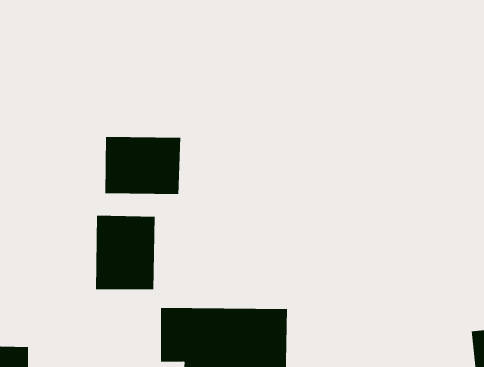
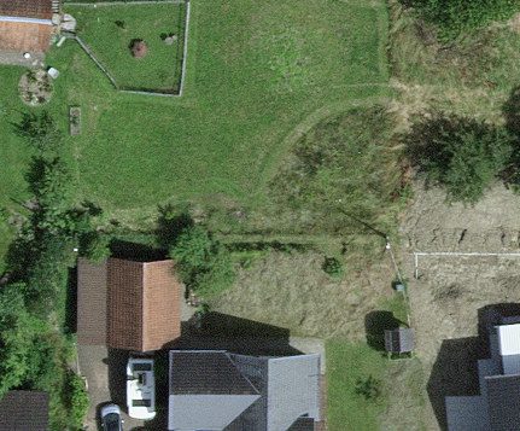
building: [105,136,181,195] -> none

